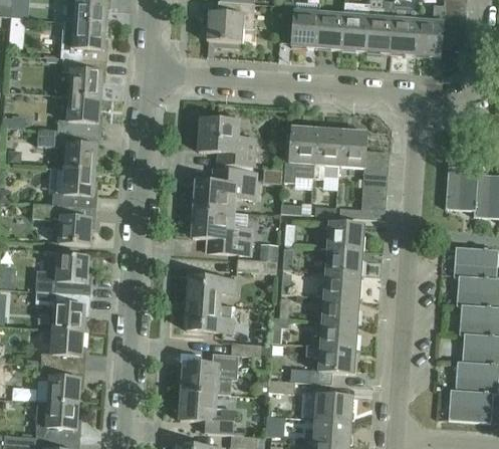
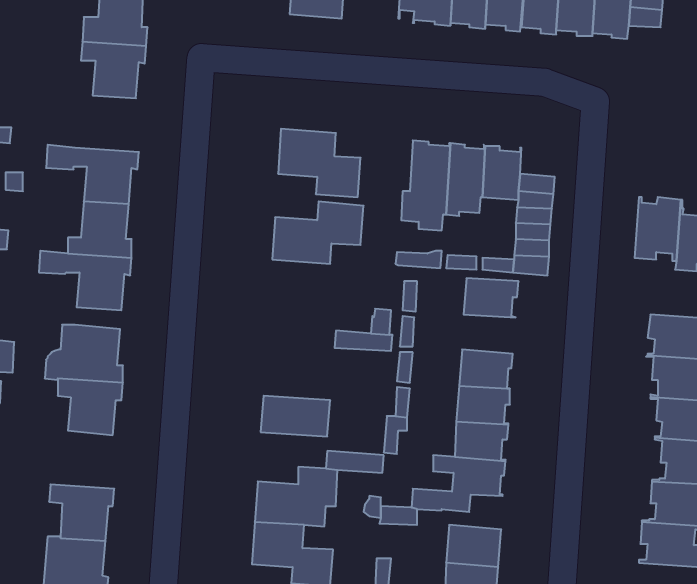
building: [57,95,102,135] -> none
building: [192,209,253,254] -> none
building: [325,247,362,274] -> none
building: [188,276,236,305] -> none
building: [40,327,85,368] -> none

